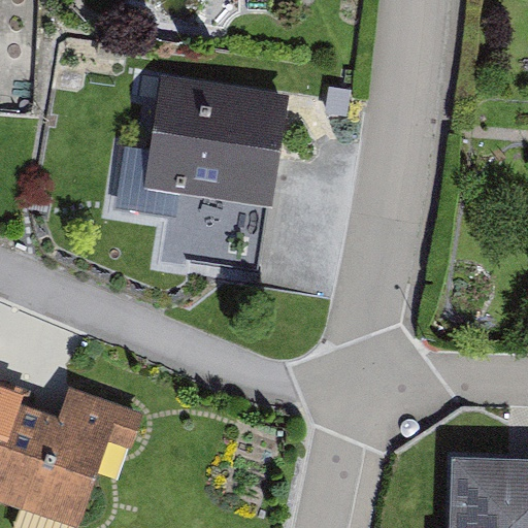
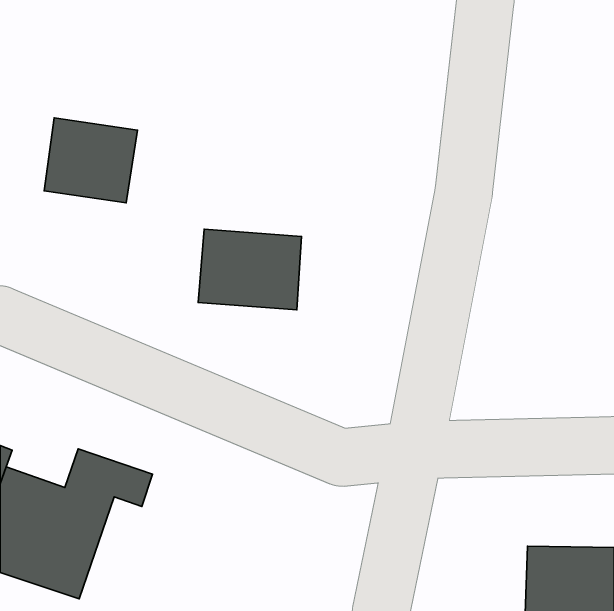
building: [145,78,278,194] -> none
building: none -> [44,118,137,203]

